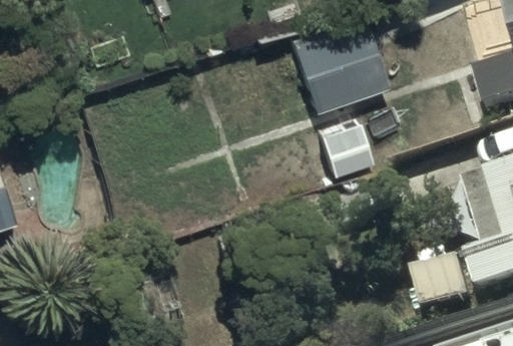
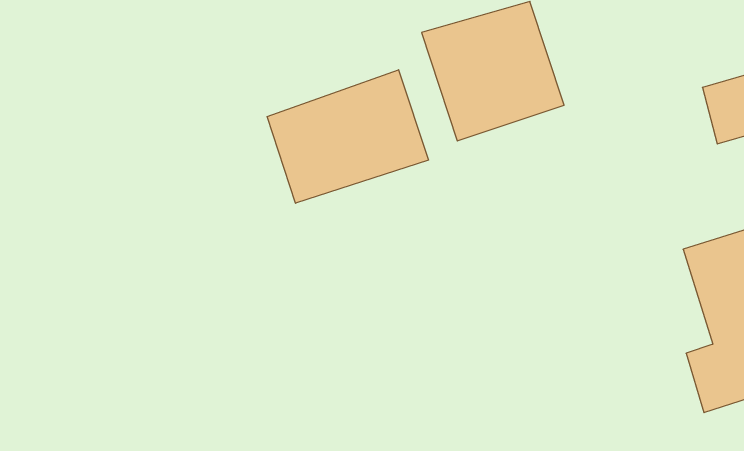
building: none -> [267,70,428,203]

